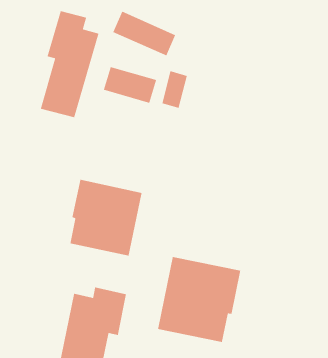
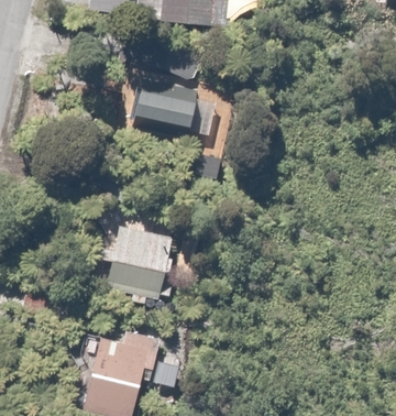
building: [40,10,100,118] -> none
building: [157,256,241,343] -> none

